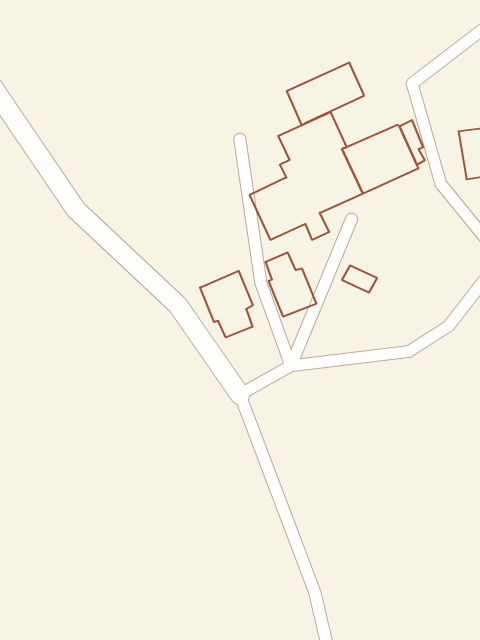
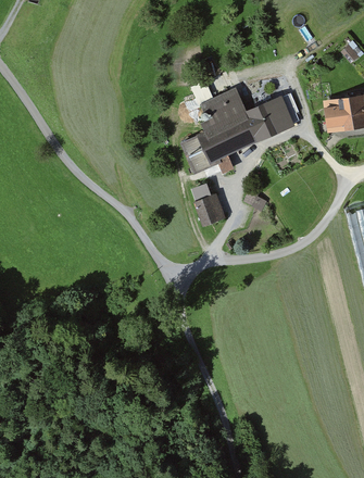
building: [287,62,364,125] -> none
building: [200,271,253,337] -> none

